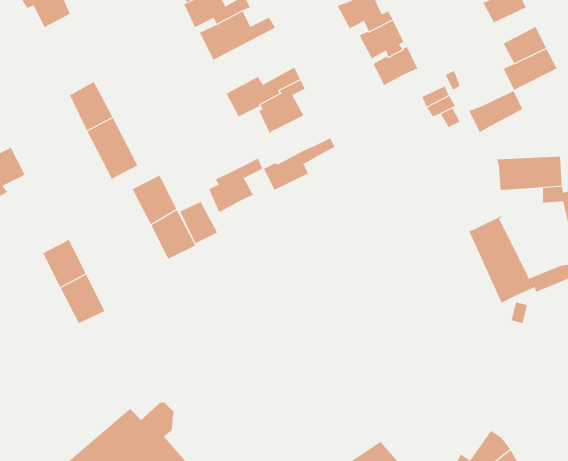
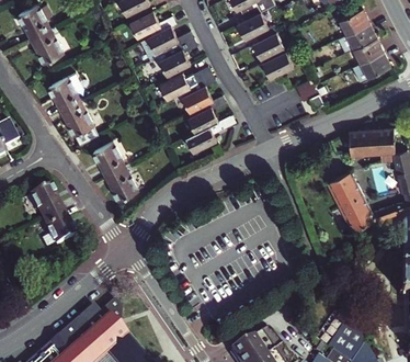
building: none -> [32,29,64,64]
building: none -> [159,38,197,77]
building: [468,90,523,133] -> [338,24,376,54]
building: [209,158,263,213] -> [187,95,226,134]
building: [180,201,218,244] -> none

